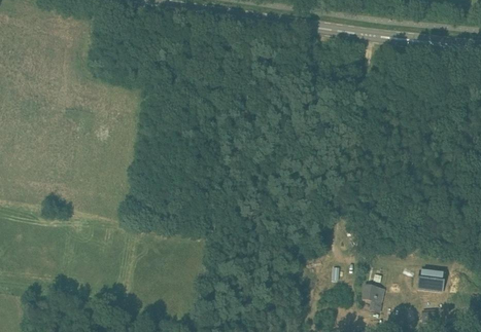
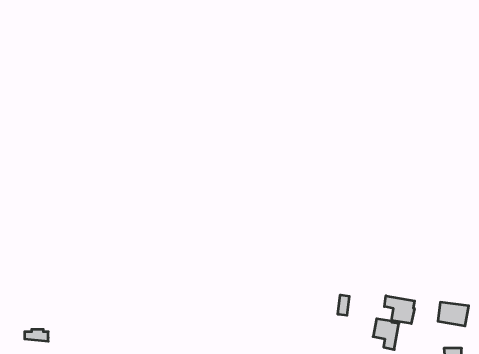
building: none -> [384,296,415,324]

